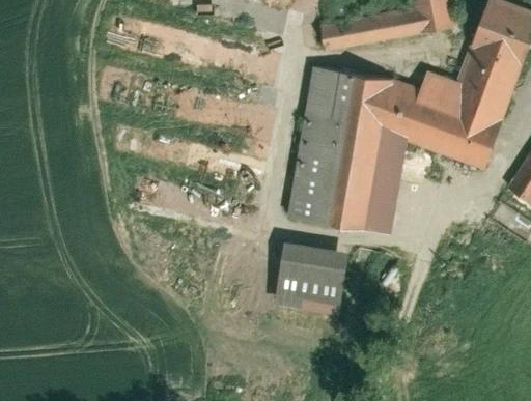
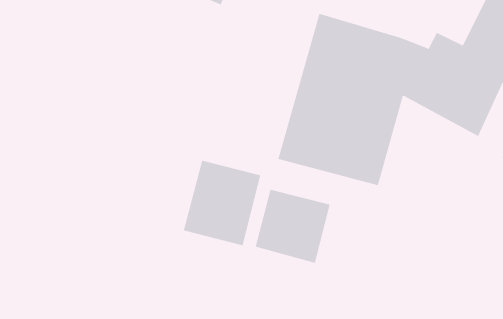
building: none -> [183,160,261,246]

